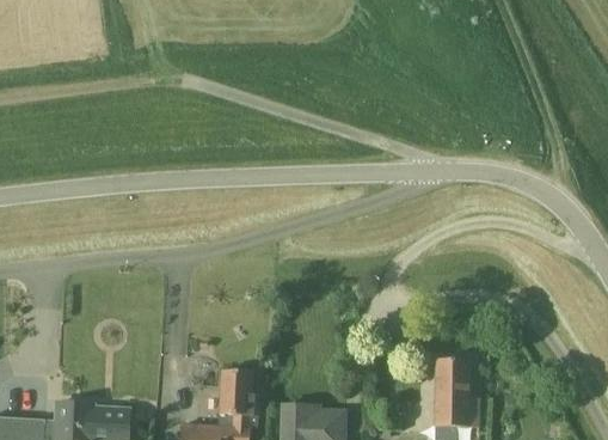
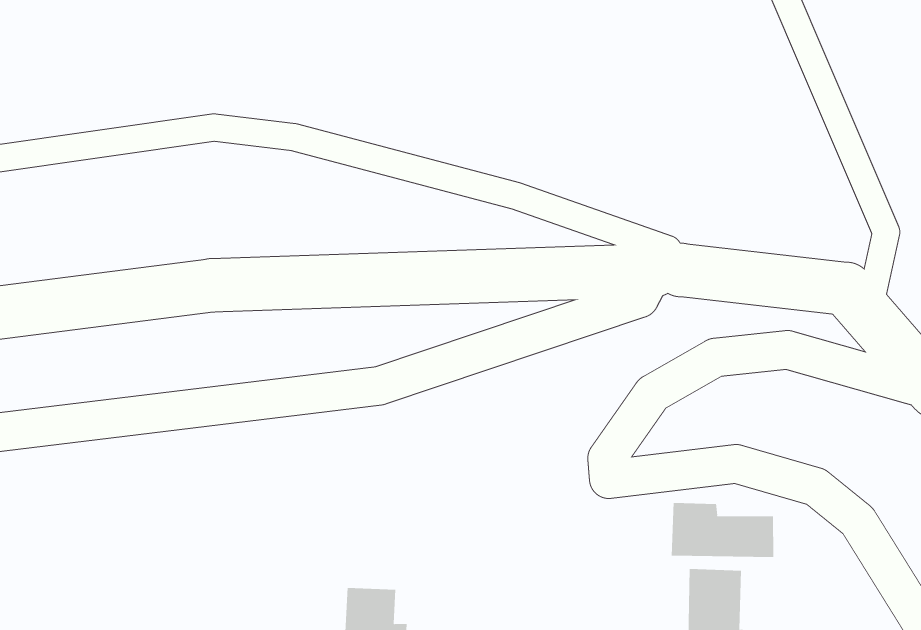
building: none -> [671,502,774,558]

